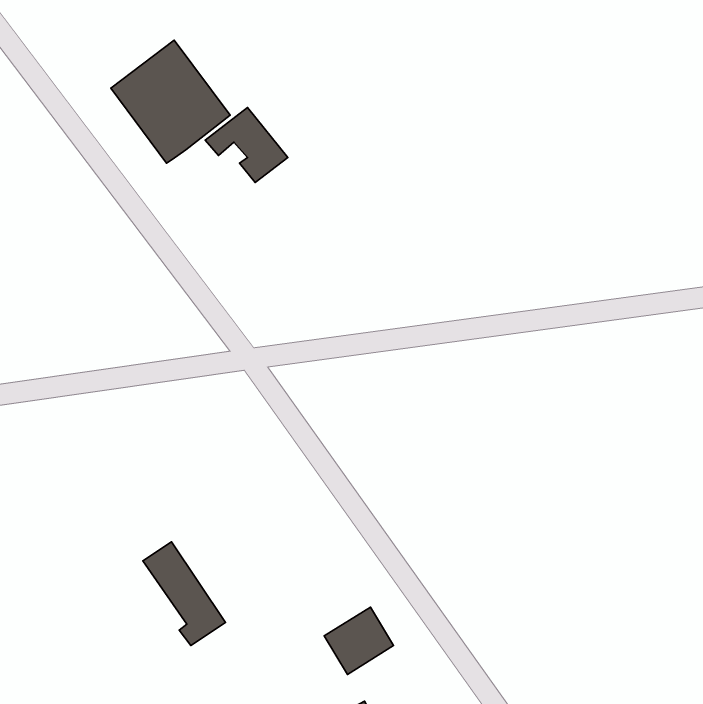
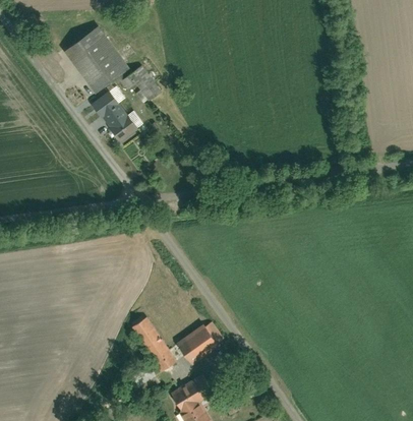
building: none -> [97,84,143,140]
building: [143,542,225,645] -> [131,317,175,372]

